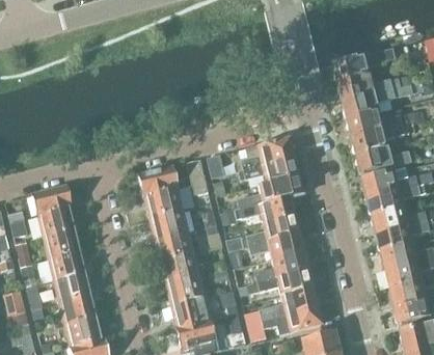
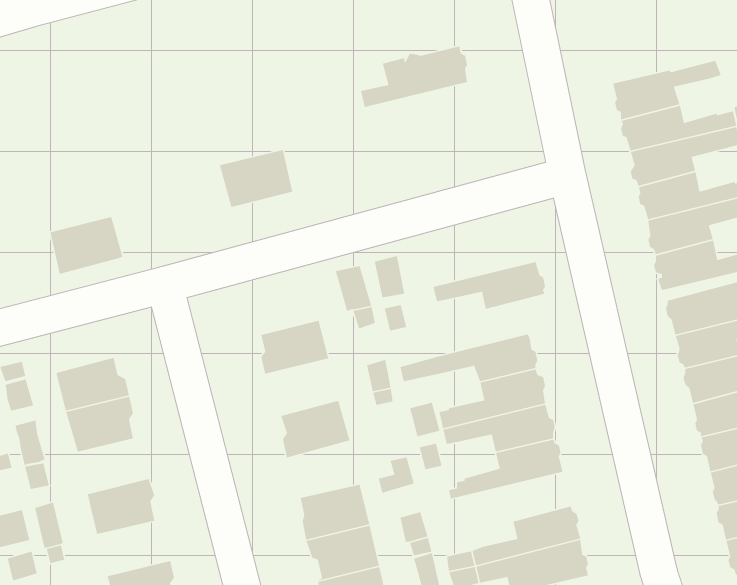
building: [236,137,293,170] -> [360,45,468,108]
building: [138,165,178,196] -> [219,149,293,208]
building: [237,174,302,208] -> none
building: [32,185,72,216] -> [49,216,124,275]
building: [148,209,188,239] -> none
building: [49,251,87,280] -> none
building: [160,252,199,282] -> none
building: [238,269,313,295] -> none
building: [59,295,99,324] -> none

